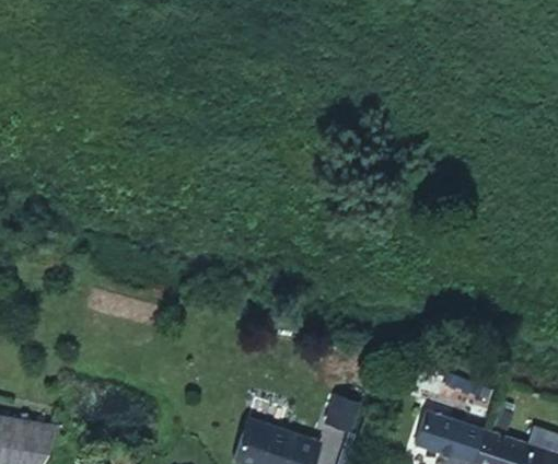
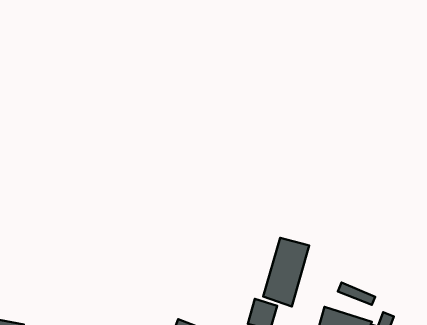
building: none -> [263,238,309,306]

